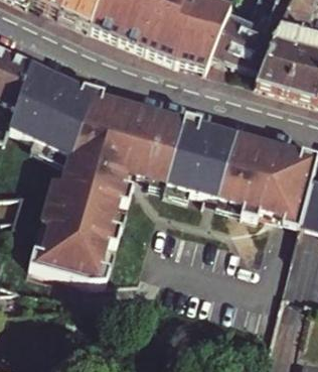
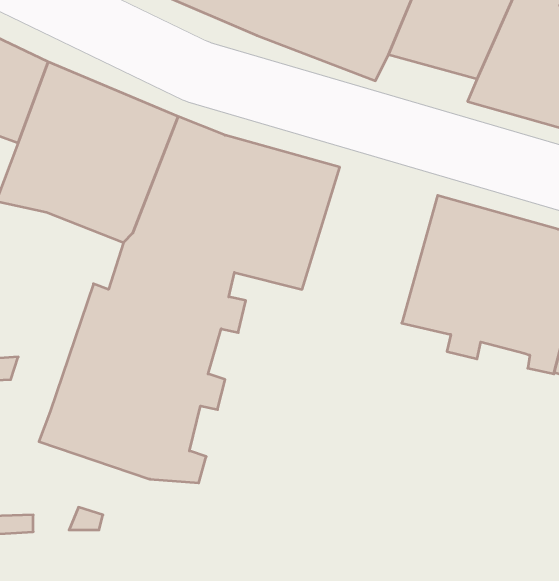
building: [167,116,240,200] -> none

